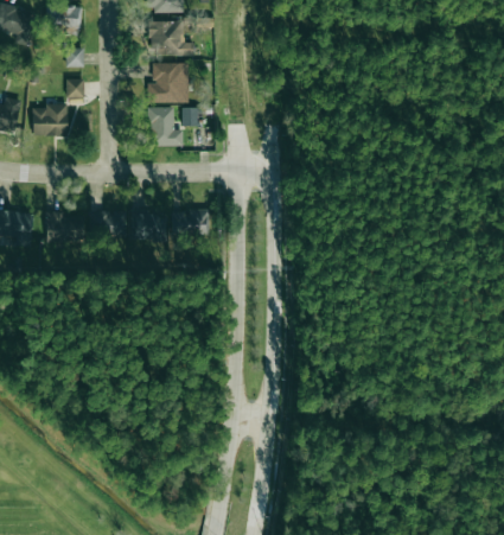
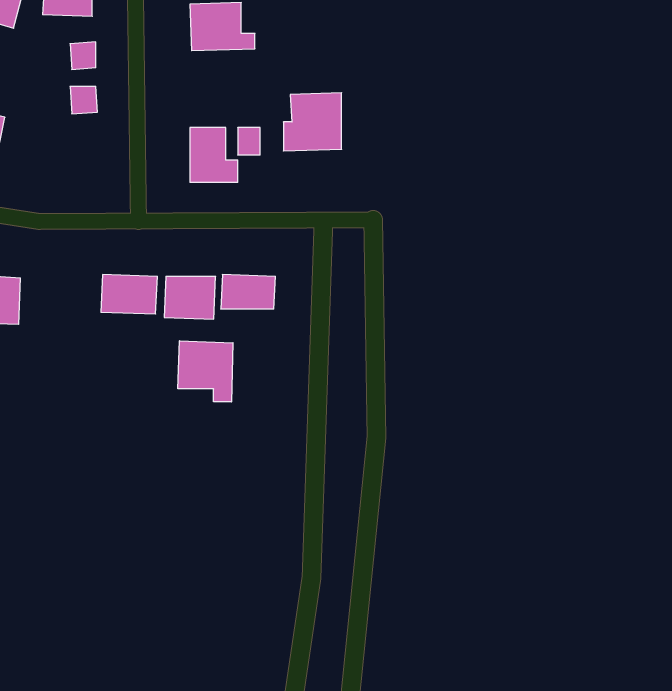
building: [148,63,189,103] -> [283,93,342,151]
building: [33,106,68,136] -> none
building: [45,211,84,241] -> none
building: none -> [178,341,233,402]

